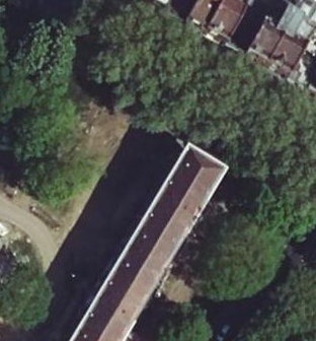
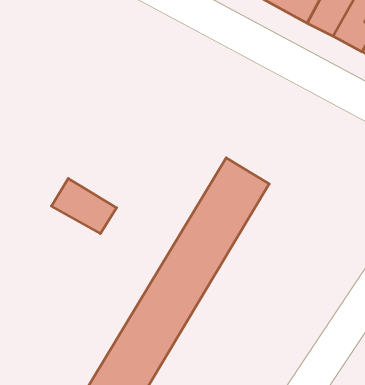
building: none -> [51,178,117,234]

